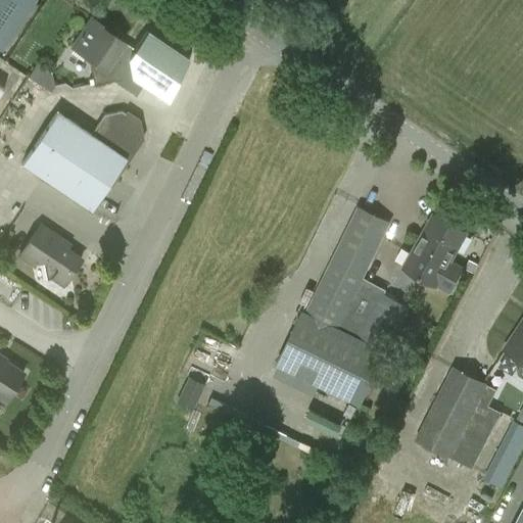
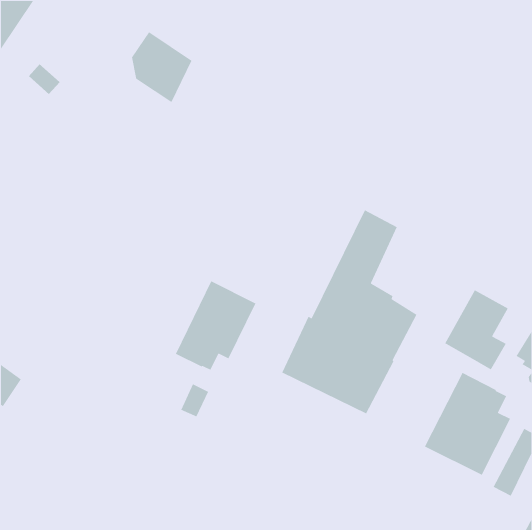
building: [72,20,125,85] -> none
building: [21,113,139,211] -> none
building: [403,216,467,295] -> [444,289,509,371]
building: [18,225,81,280] -> none
building: none -> [175,280,256,371]

